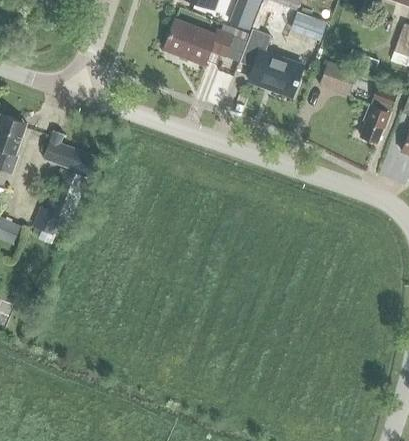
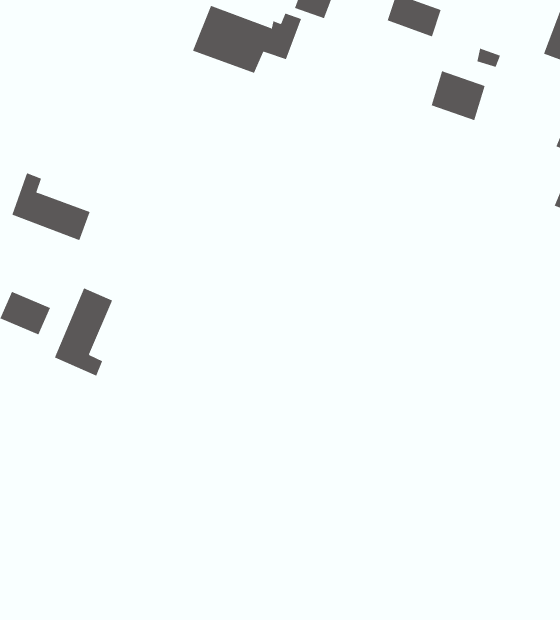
building: [239,30,302,97] -> none
building: [359,89,396,143] -> none
building: none -> [54,288,113,377]

